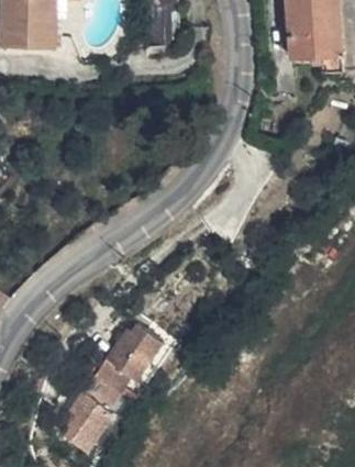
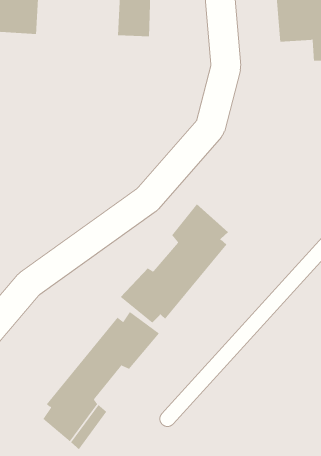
building: none -> [120,204,229,323]

